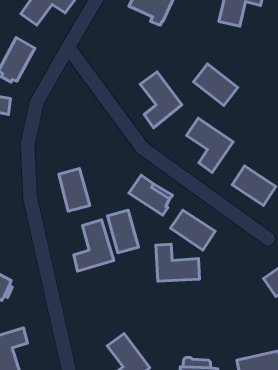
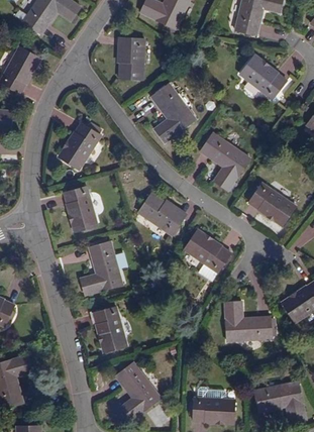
building: none -> [119,34,144,79]
building: [193,64,238,106] -> [239,55,287,99]
building: none -> [61,122,101,169]
building: [107,210,139,253] -> [93,306,126,351]
building: [156,244,200,281] -> [225,301,272,340]

